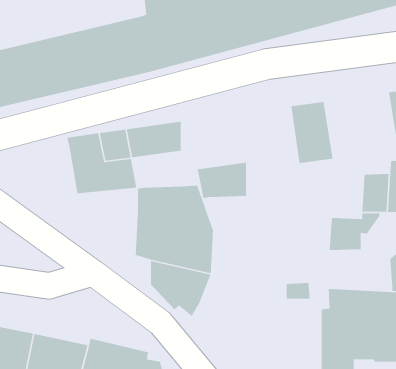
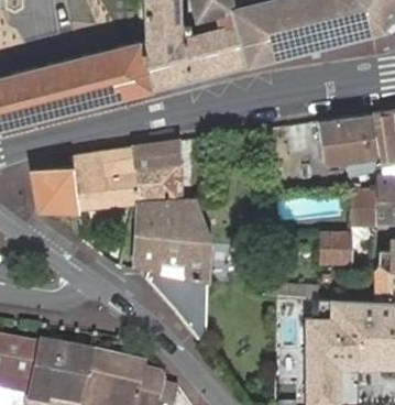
building: none -> [319,113,376,177]
building: none -> [32,166,80,211]
building: [197,162,247,199] -> [132,169,179,205]

